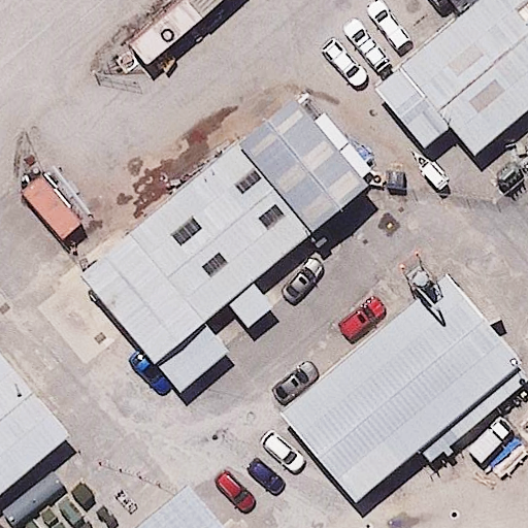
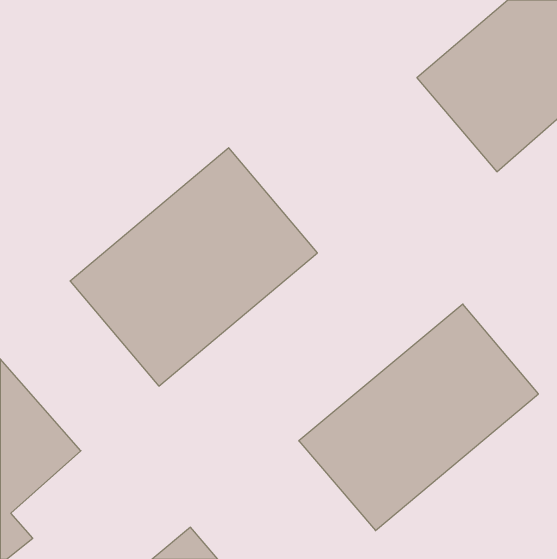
building: [235,103,364,237] -> none

